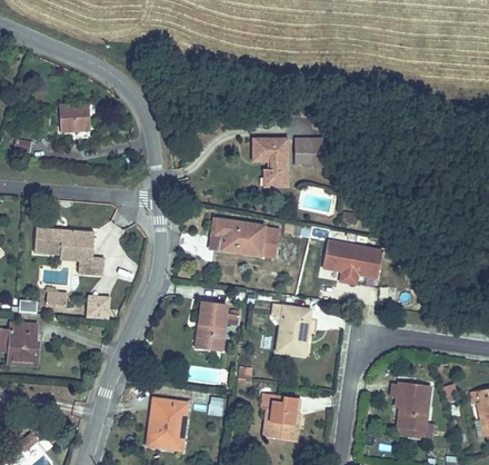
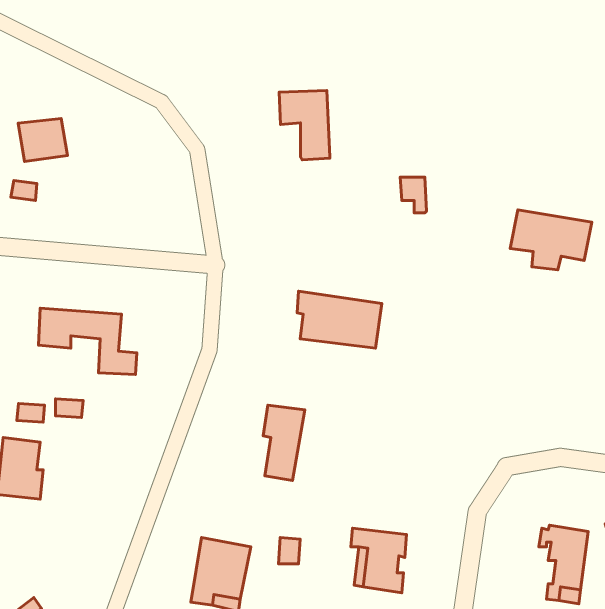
building: [59,100,94,131] -> [18,119,67,162]
building: [255,136,291,186] -> [279,91,330,160]
building: [321,236,380,279] -> [510,210,592,270]
building: [87,298,110,320] -> none
building: [271,299,309,353] -> none

